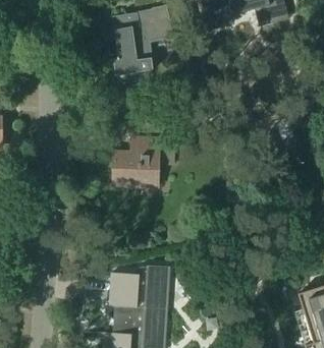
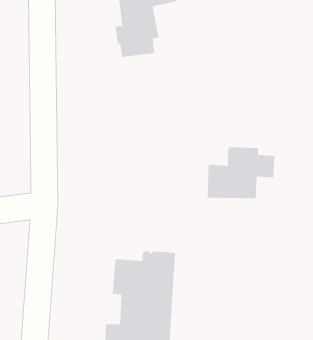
building: [113,136,176,184] -> [207,147,275,199]

